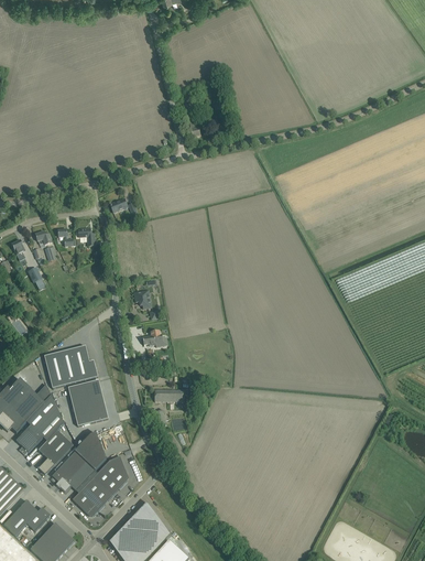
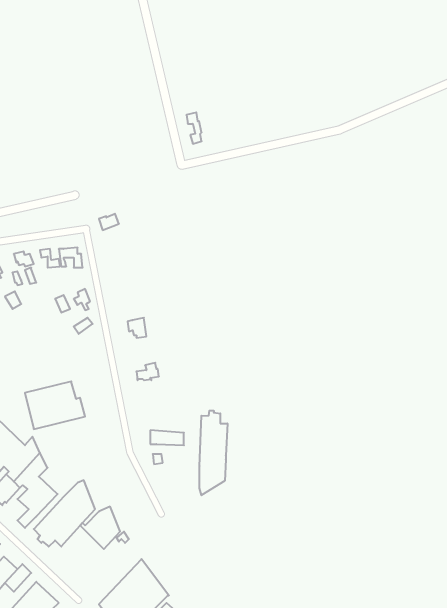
building: none -> [199,411,227,495]
building: [68,379,109,425] -> none
building: [73,472,115,515] -> none

